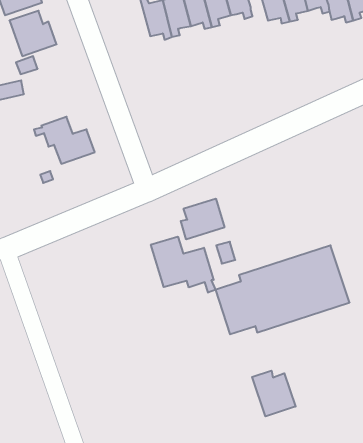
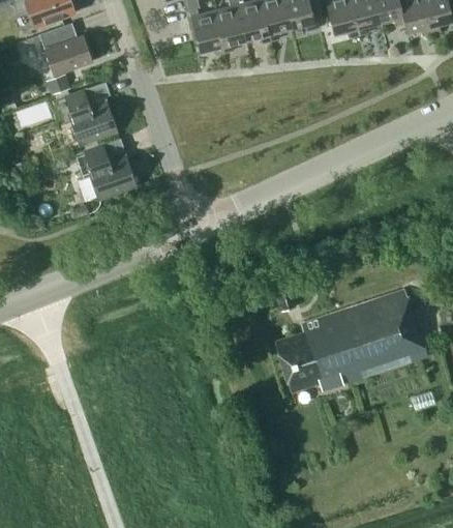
building: none -> [55,87,117,141]
building: [181,199,224,239] -> none
building: [151,237,215,293] -> none
building: [252,371,296,416] -> none

